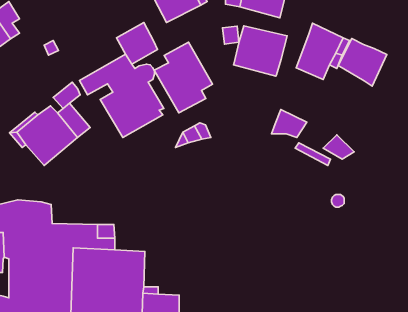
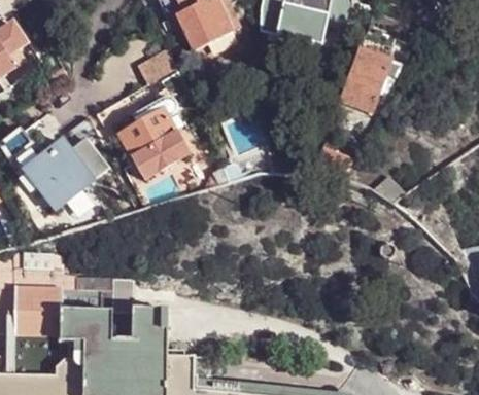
building: [233,26,287,76] -> none
building: [338,38,387,86] -> none
building: [154,42,213,113] -> none

